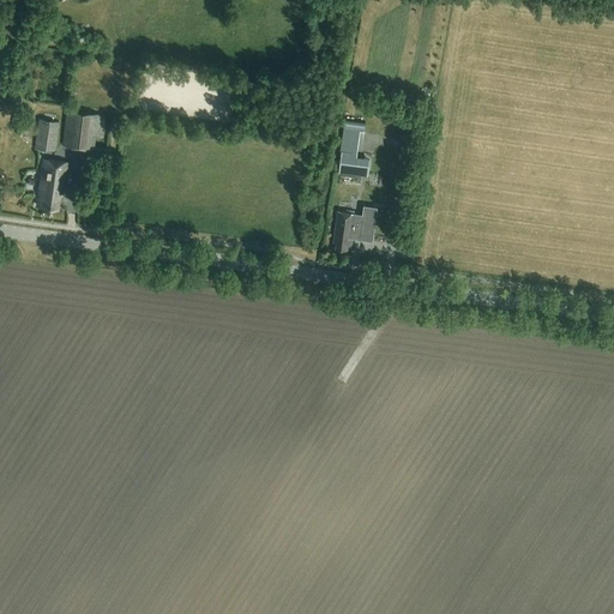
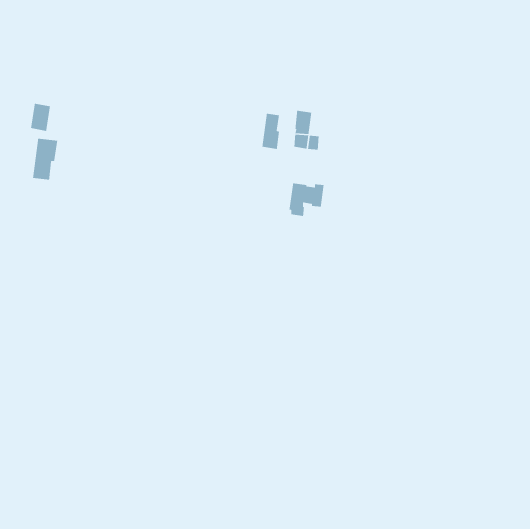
building: [64,112,104,151] -> none
building: none -> [261,113,280,150]

